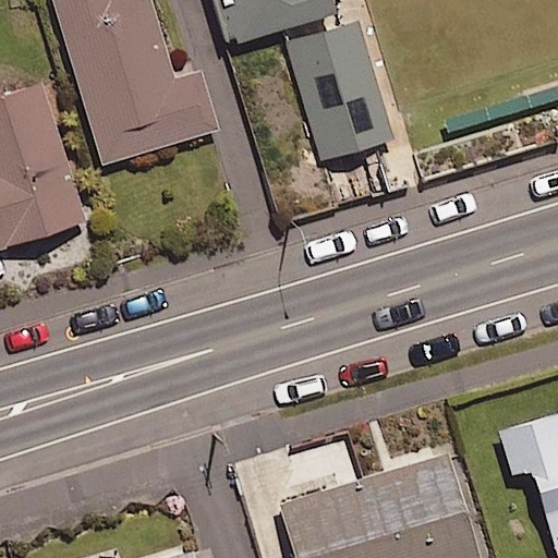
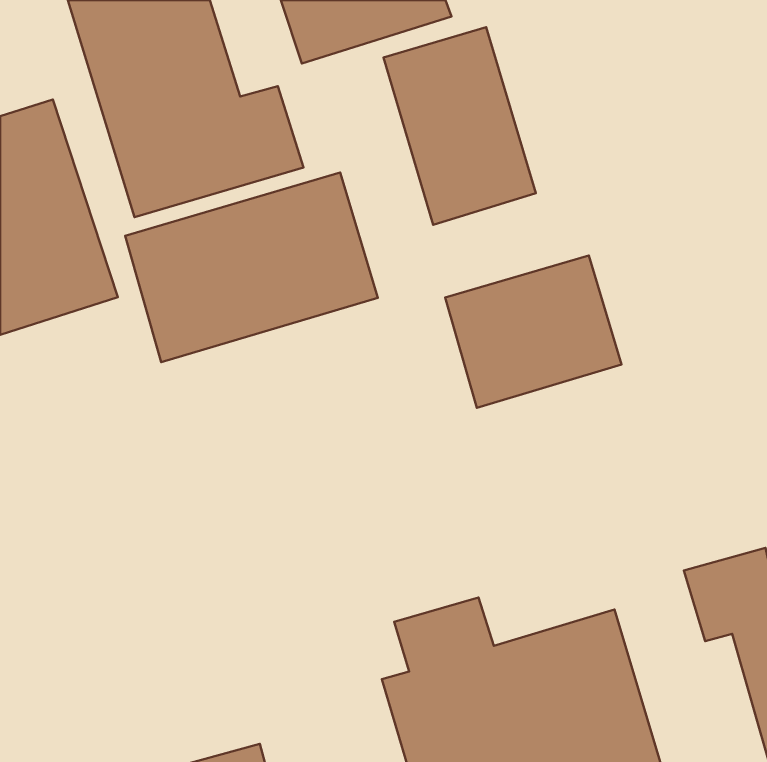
building: none -> [125,172,378,362]
building: none -> [445,255,622,408]

